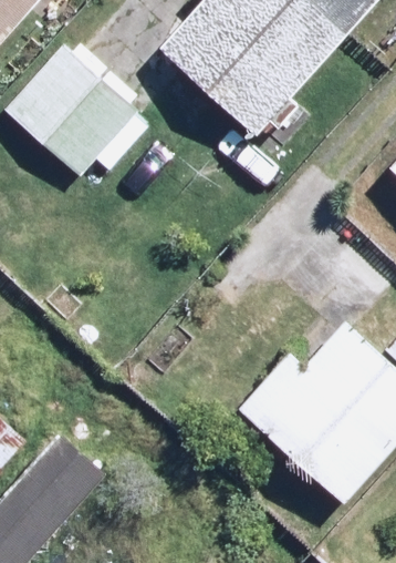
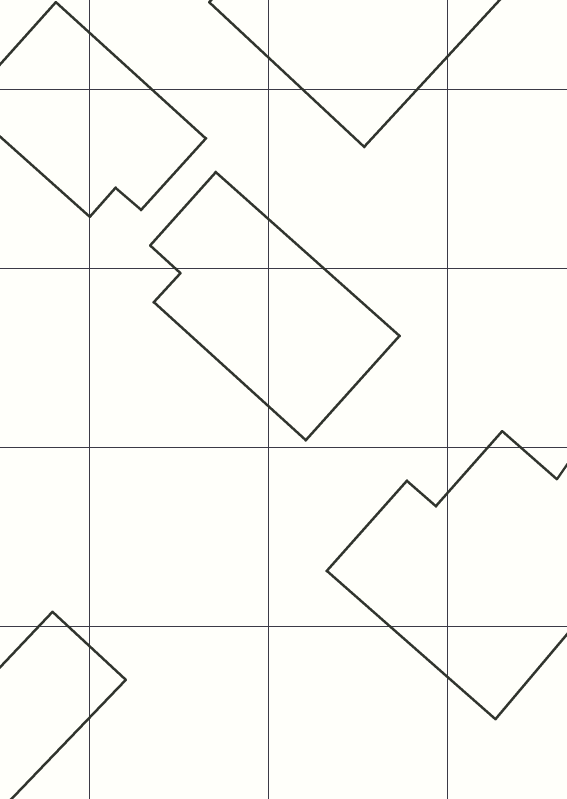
building: none -> [150,172,400,440]

